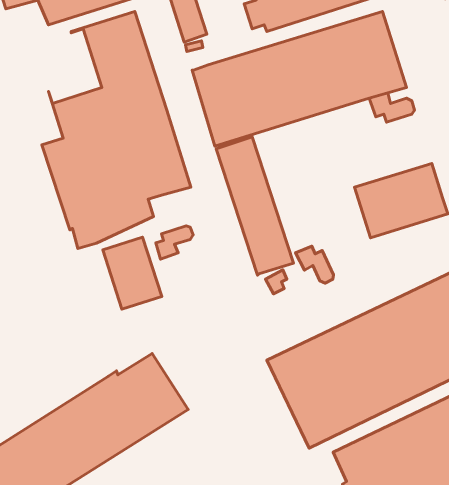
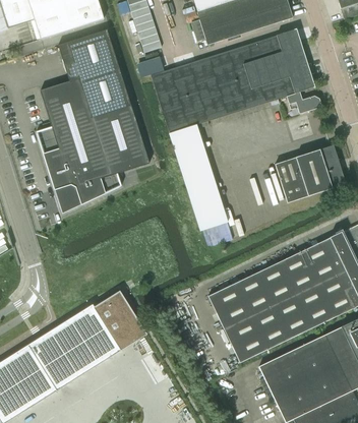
building: [156,226,193,259] -> none
building: [103,237,162,309] -> none
building: [296,246,334,283] -> none

